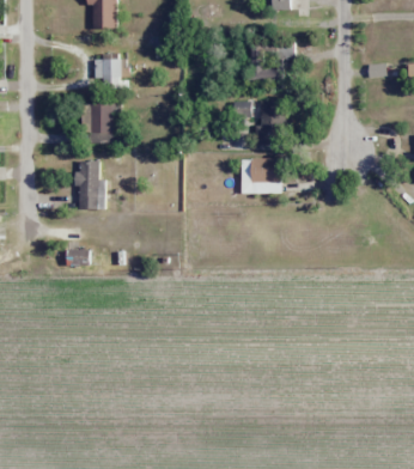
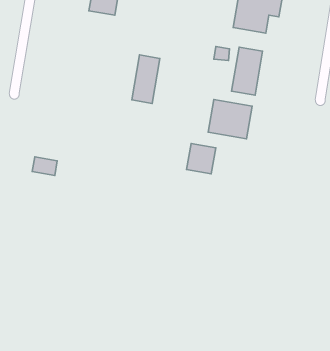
building: [81,103,112,133] -> none
building: [79,160,101,208] -> [132,55,160,103]
building: none -> [187,143,216,174]

